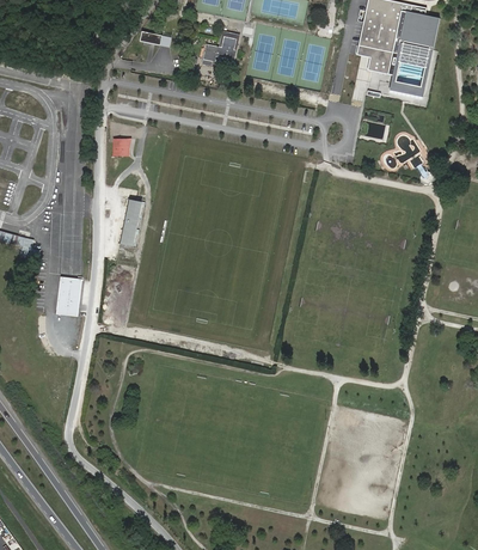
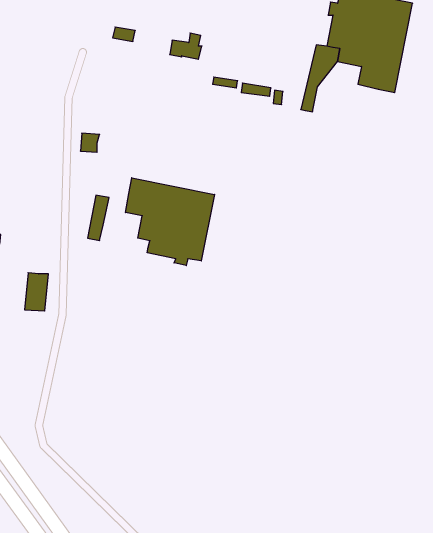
building: none -> [126,178,215,266]

